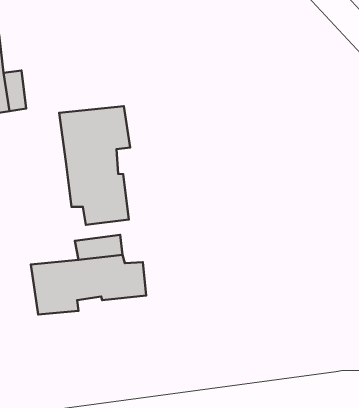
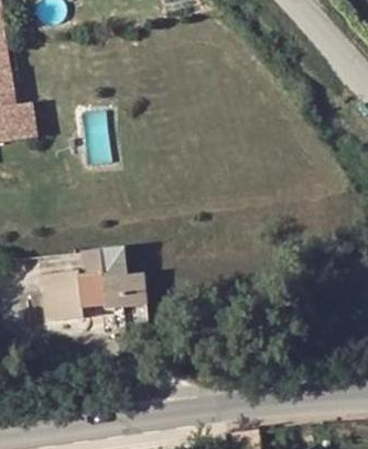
building: [59,106,130,225] -> none

